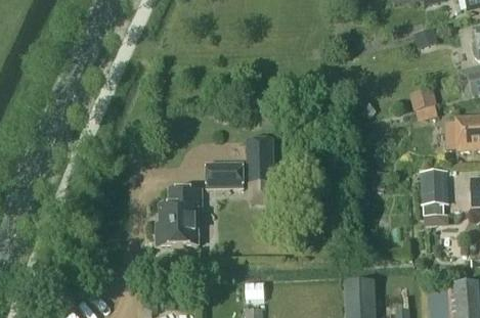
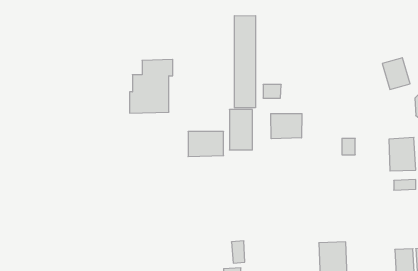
building: none -> [234,16,255,108]
building: none -> [271,114,302,139]
building: [156,187,202,244] -> [130,59,173,113]

